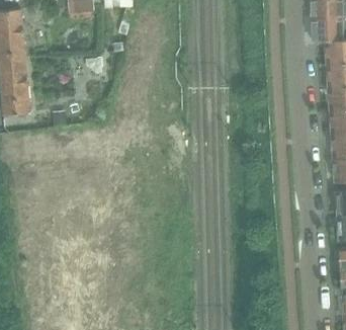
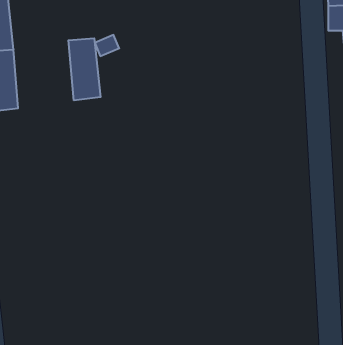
building: none -> [68,38,101,100]

